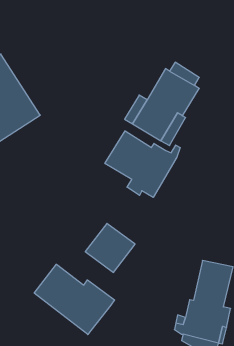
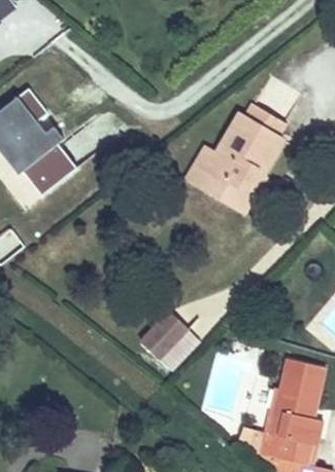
building: [105,131,180,197] -> none
building: [34,264,115,335] -> none

